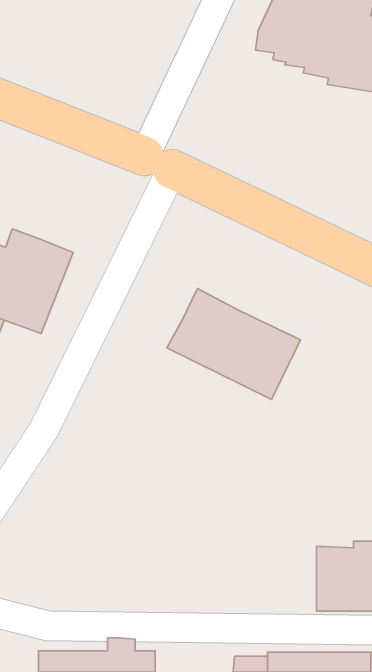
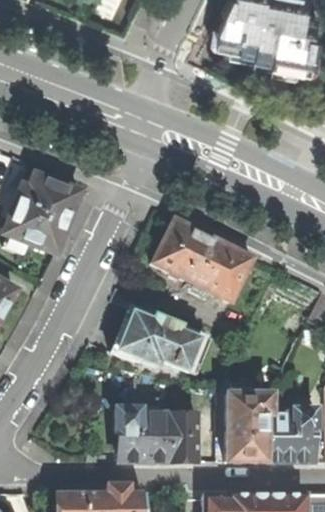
building: none -> [110,306,203,371]
building: none -> [226,383,271,462]
building: none -> [117,409,198,461]

